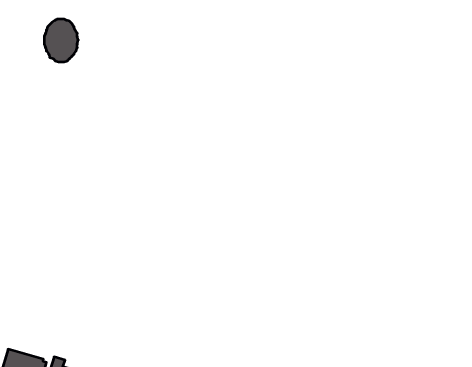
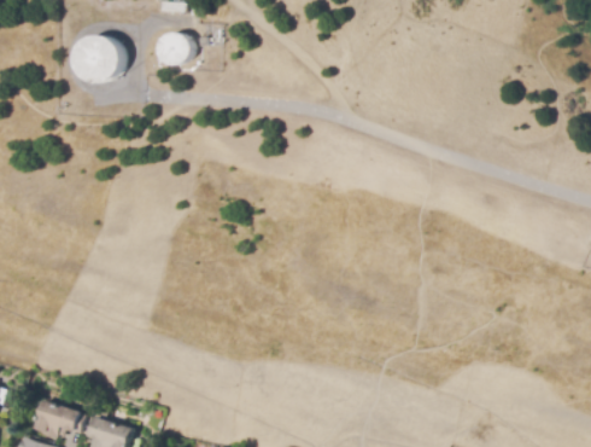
building: none -> [168,34,191,63]

